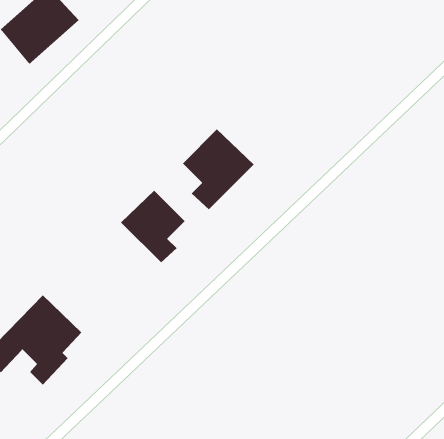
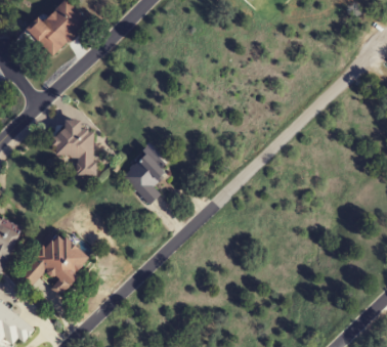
building: [182,129,254,210] -> none
building: none -> [57,120,94,175]

